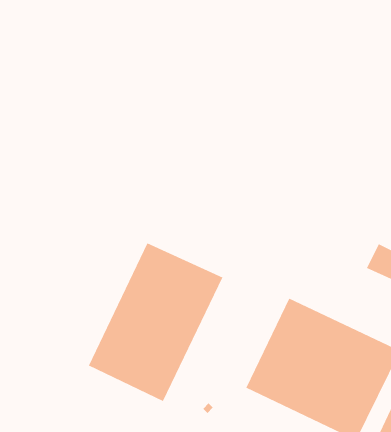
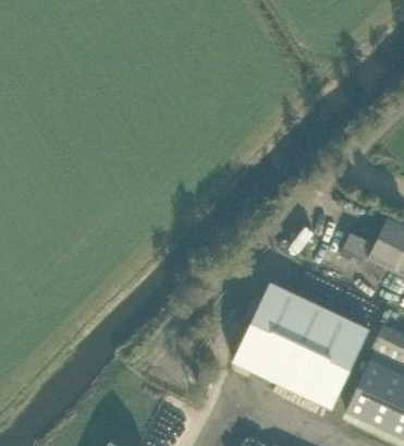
building: [88,243,223,402] -> none

